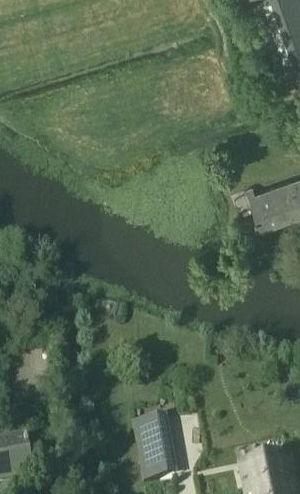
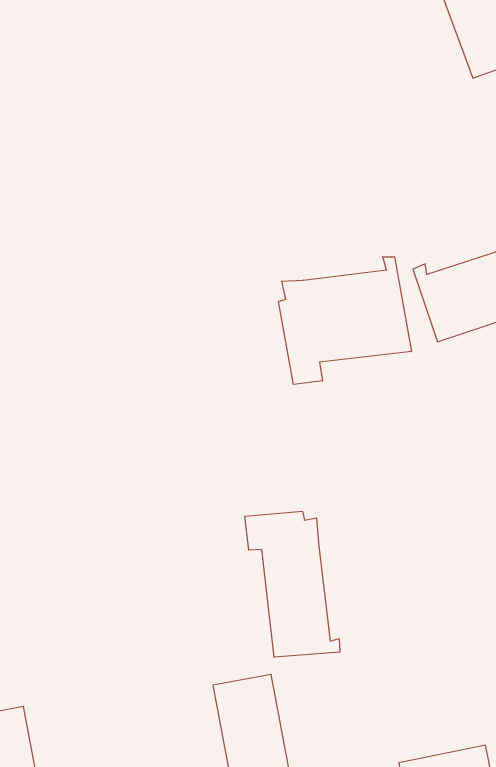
building: none -> [278,257,411,384]
building: none -> [245,511,340,657]

